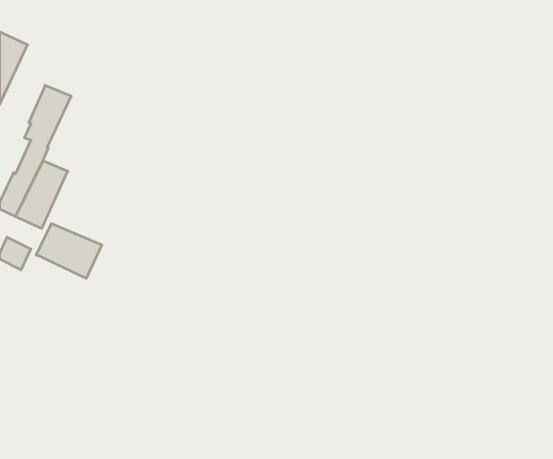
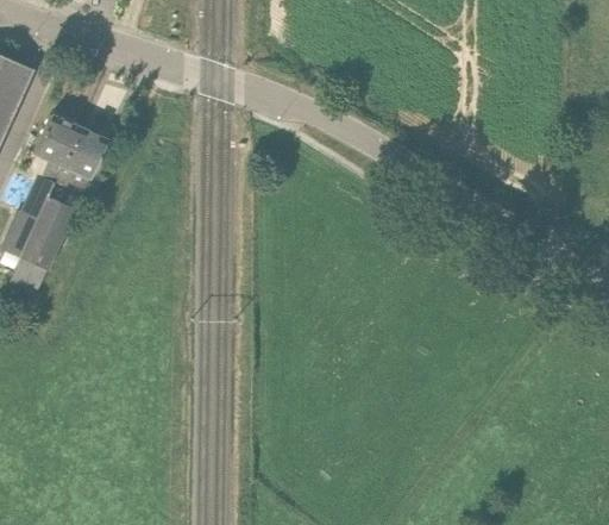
building: none -> [54,125,107,189]
building: [36,224,102,278] -> none

